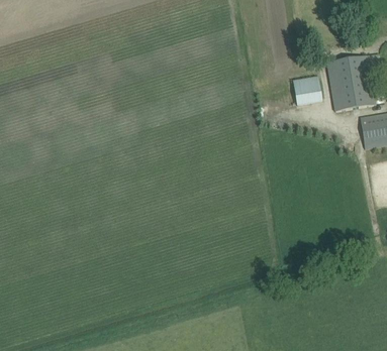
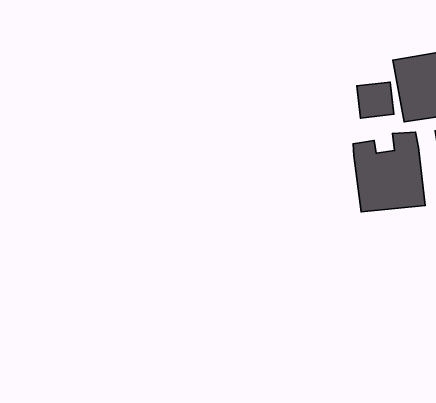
building: none -> [353,132,425,212]

